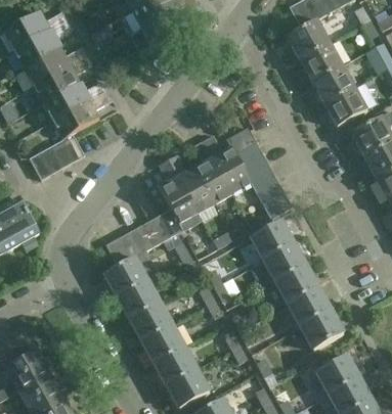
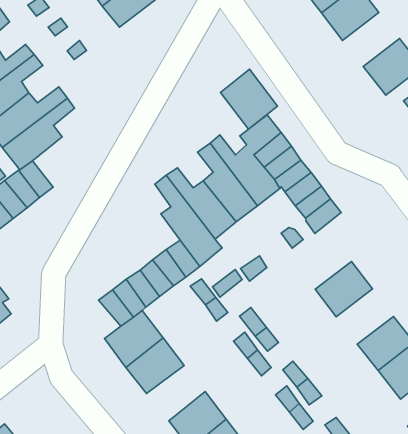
building: [312,65,354,103] -> none
building: none -> [221,69,277,129]
building: [252,222,294,261] -> none
building: [276,267,318,306] -> none
building: [129,302,172,340] -> none

